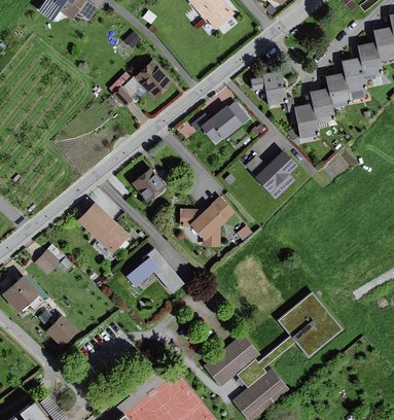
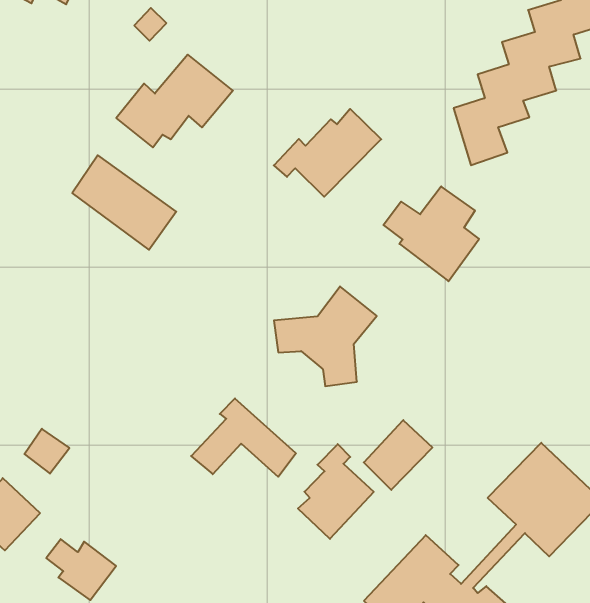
building: [250,72,283,106] -> none
building: [130,167,166,203] -> none
building: [76,202,131,256] -> [72,155,176,250]
building: none -> [364,420,432,490]
building: none -> [298,444,374,539]

